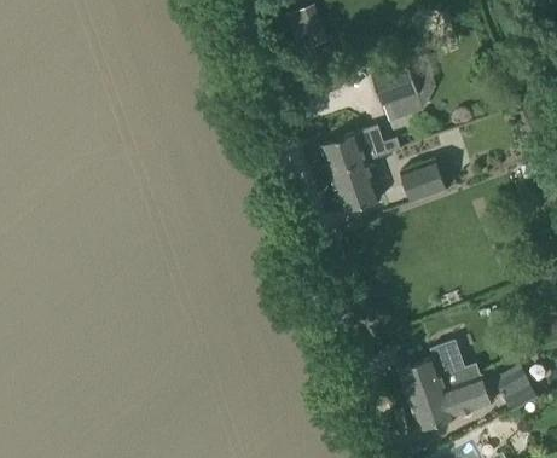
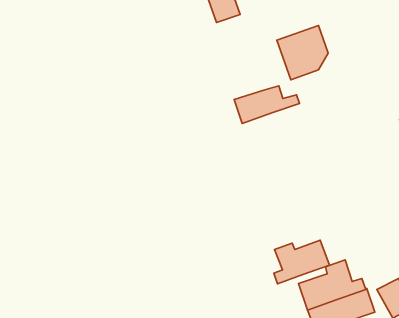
building: [400,156,456,202] -> none
building: [330,161,381,213] -> none
building: none -> [274,240,330,284]

